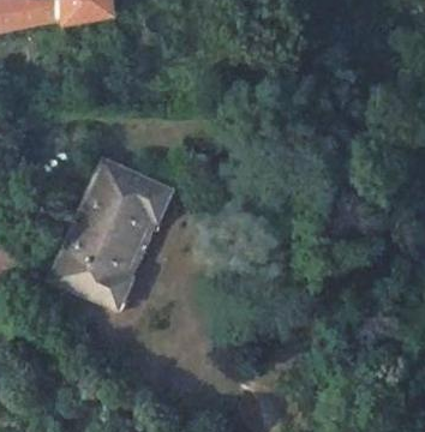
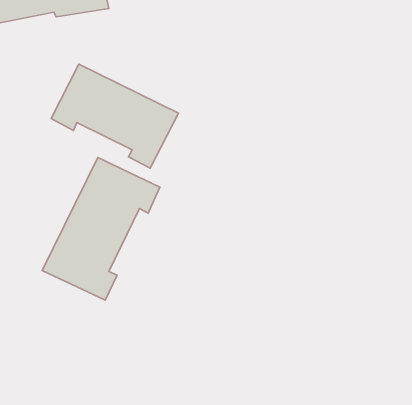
building: none -> [51,64,178,168]

